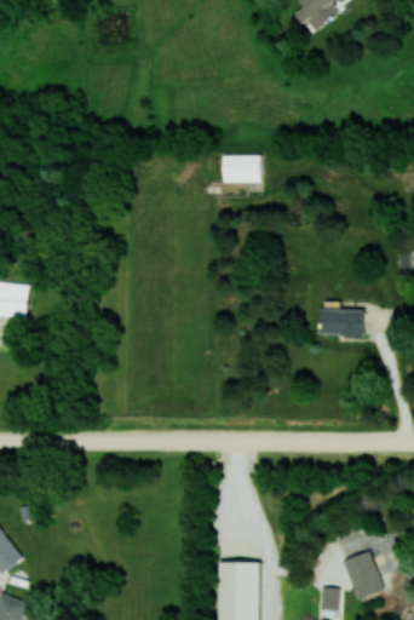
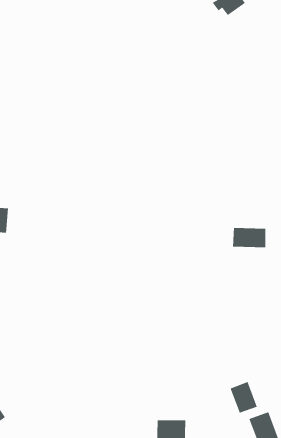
building: [223,154,260,182] -> none
building: none -> [230,381,257,413]

